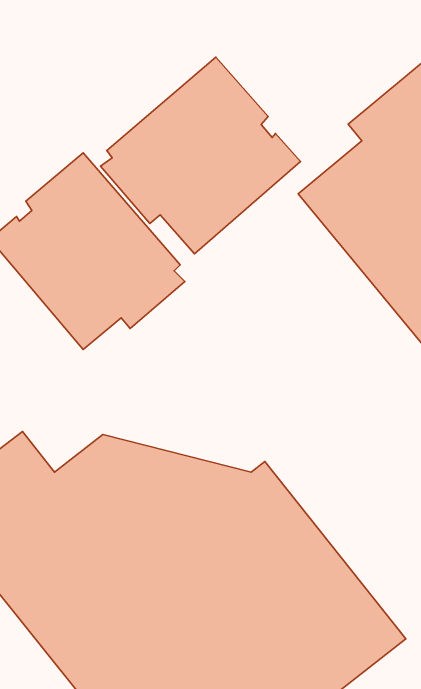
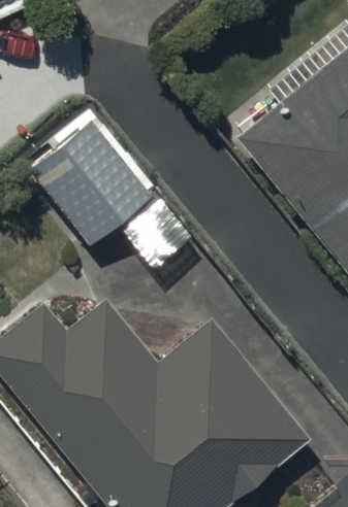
building: [101,57,300,254] -> none

